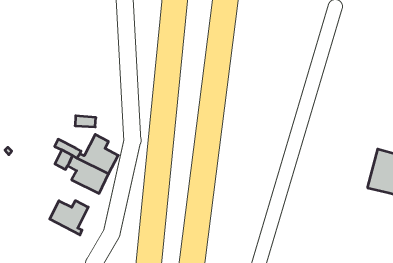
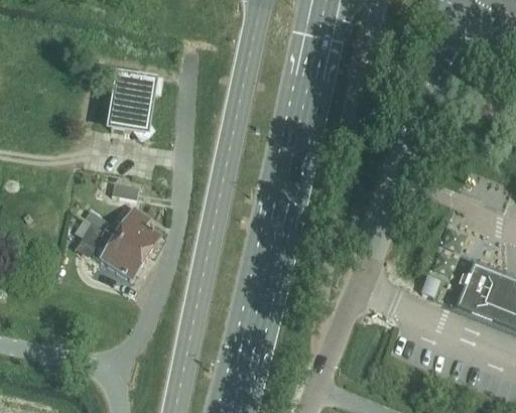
building: none -> [106,77,159,137]
building: [50,201,88,235] -> none

